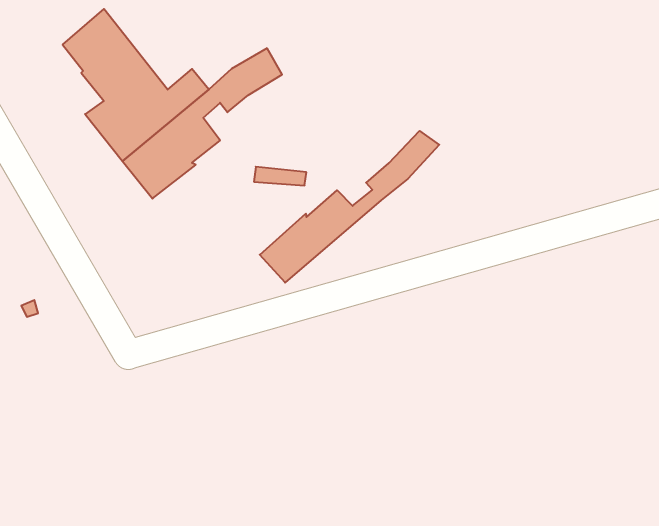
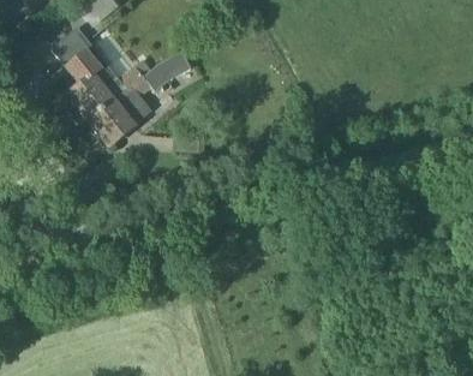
building: [260,131,439,283] -> none

